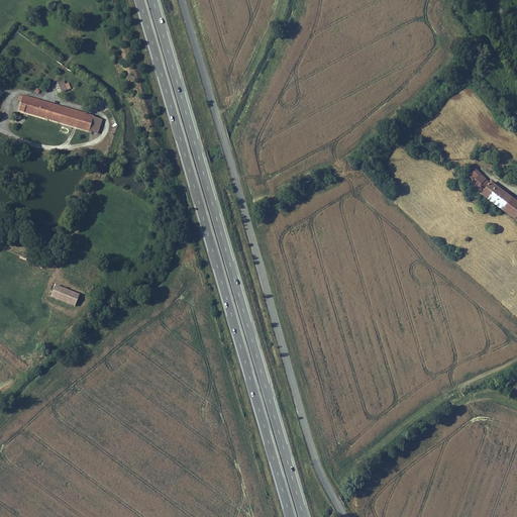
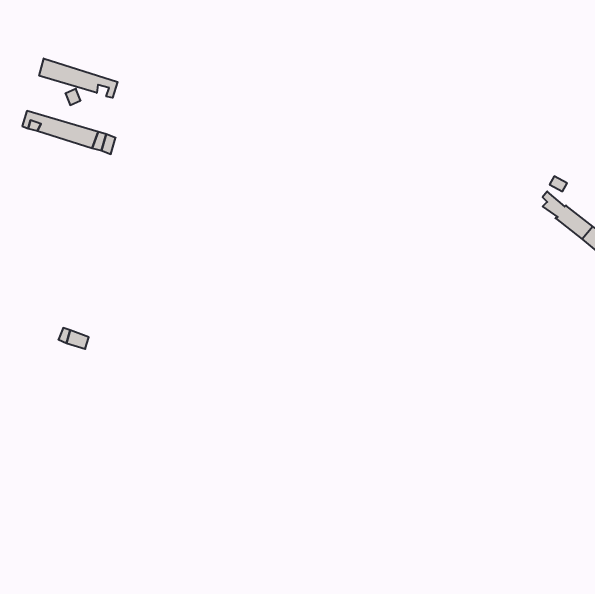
building: none -> [39,58,118,98]

